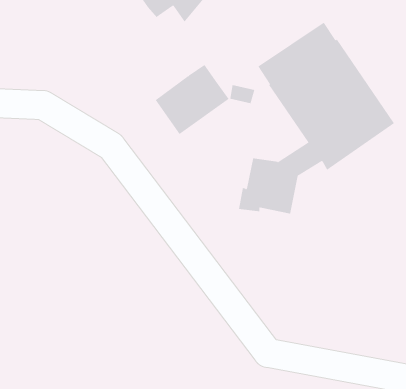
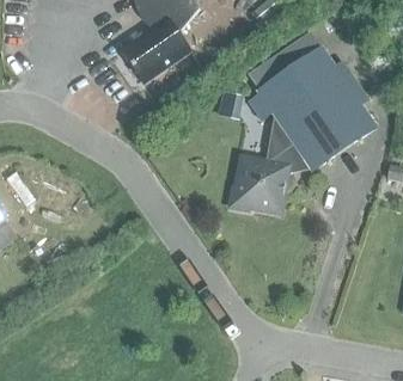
building: [155,64,229,135] -> [121,18,190,84]

